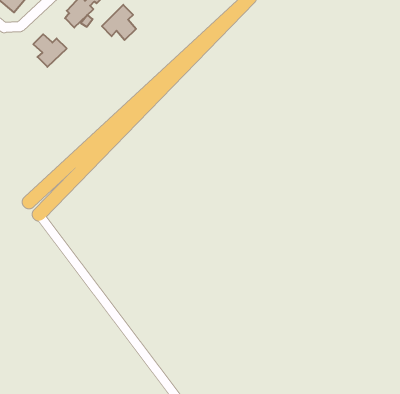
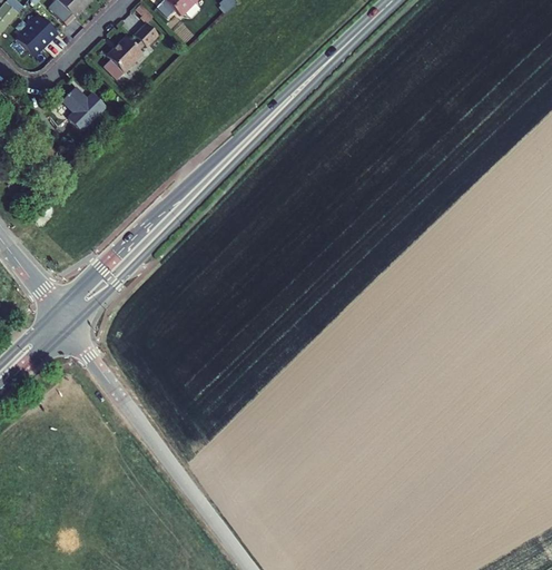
building: [102,5,136,40] -> none

